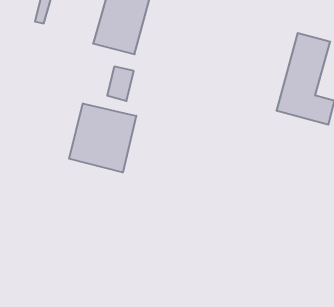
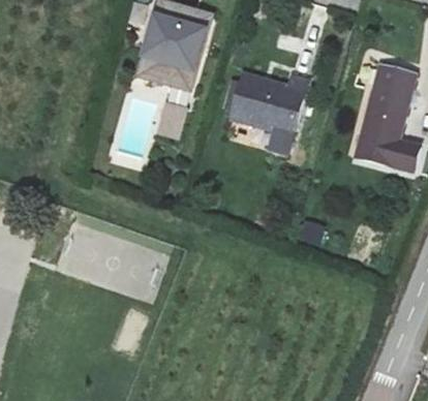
building: none -> [232,73,307,135]
building: [69,103,136,172] -> none

